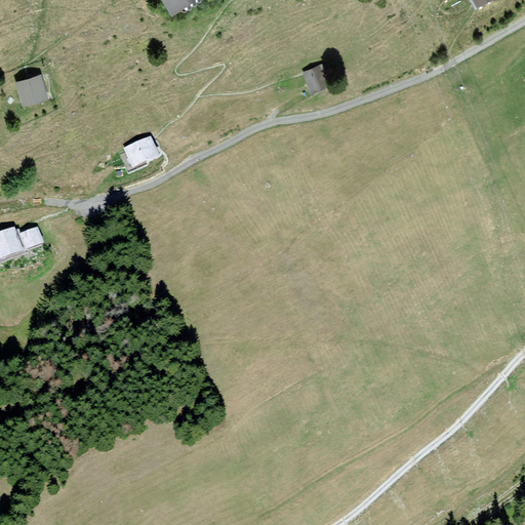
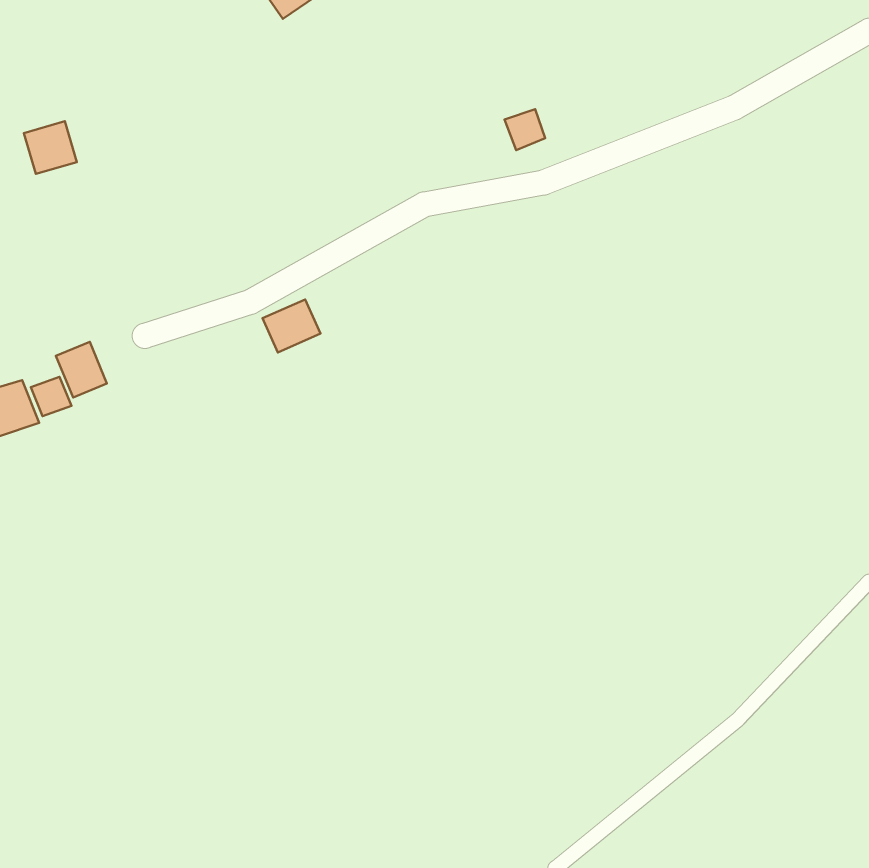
building: [123,137,158,169] -> [262,300,320,352]
building: none -> [56,342,107,397]

